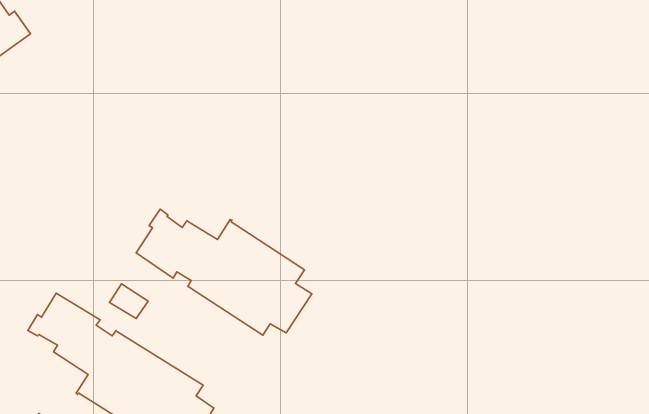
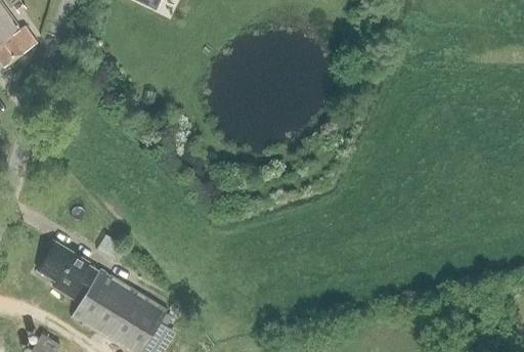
building: [136,209,312,335] -> none

